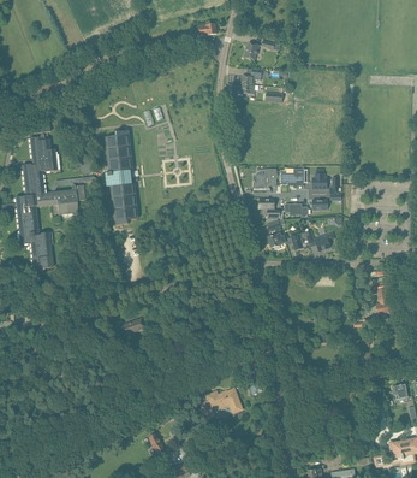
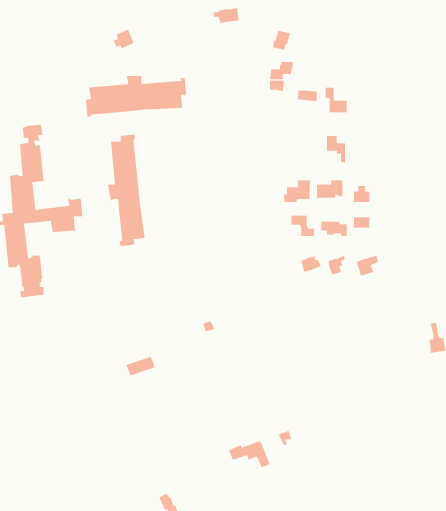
building: none -> [85,75,186,118]

